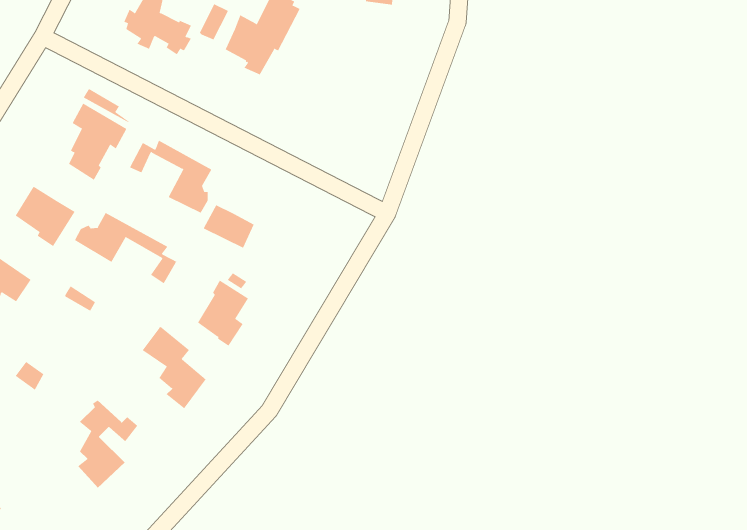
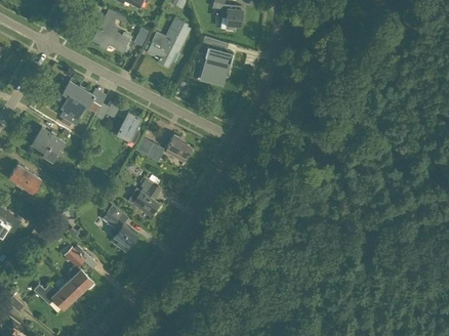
building: none -> [196,36,233,81]
building: none -> [165,134,192,162]
building: [74,212,178,284] -> none
building: none -> [33,283,77,309]

